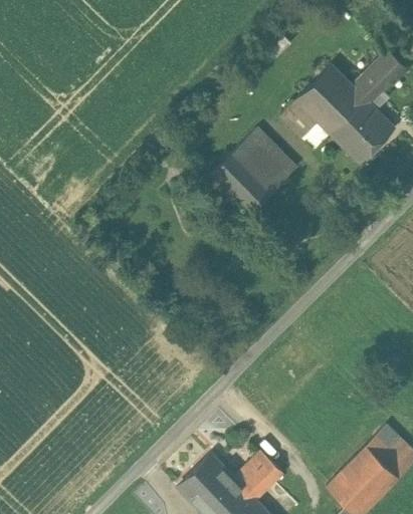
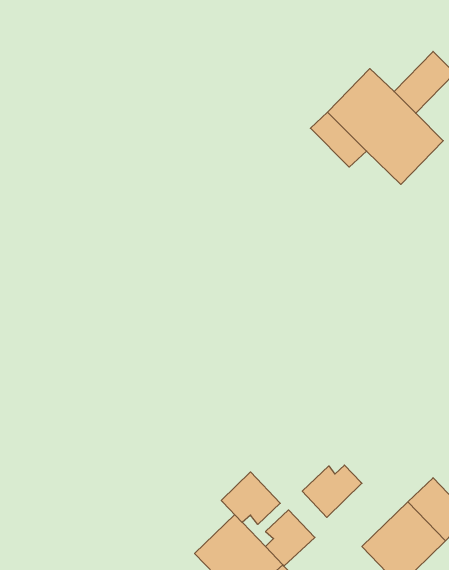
building: [206,126,298,218] -> none
building: none -> [302,465,362,517]
building: none -> [221,472,280,524]

